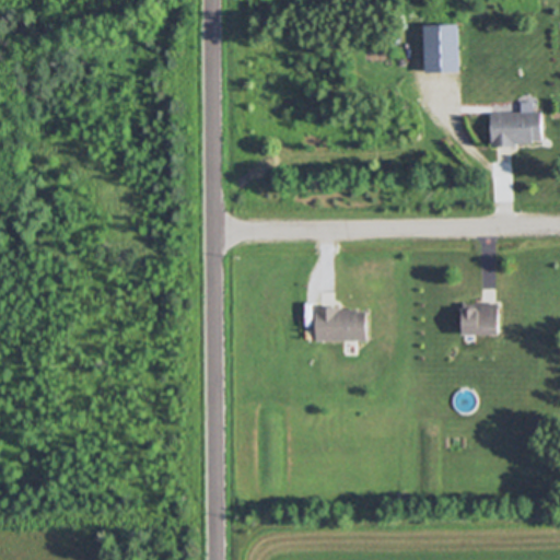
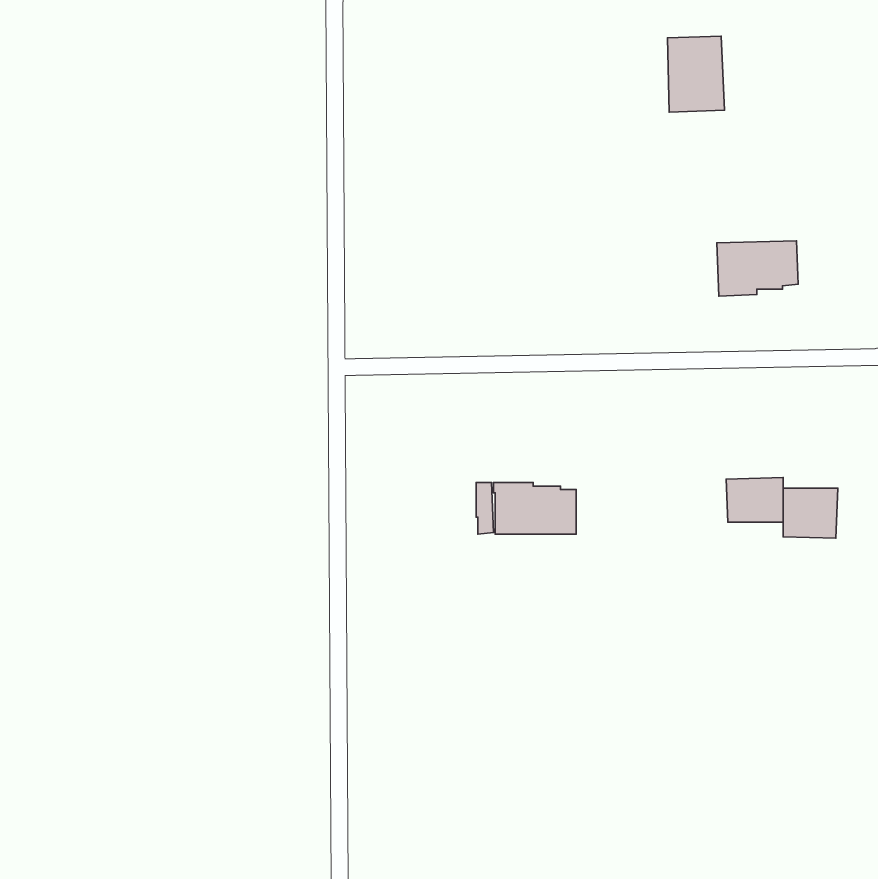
building: [489,113,540,148] -> [717,241,798,296]
building: none -> [783,488,838,538]

